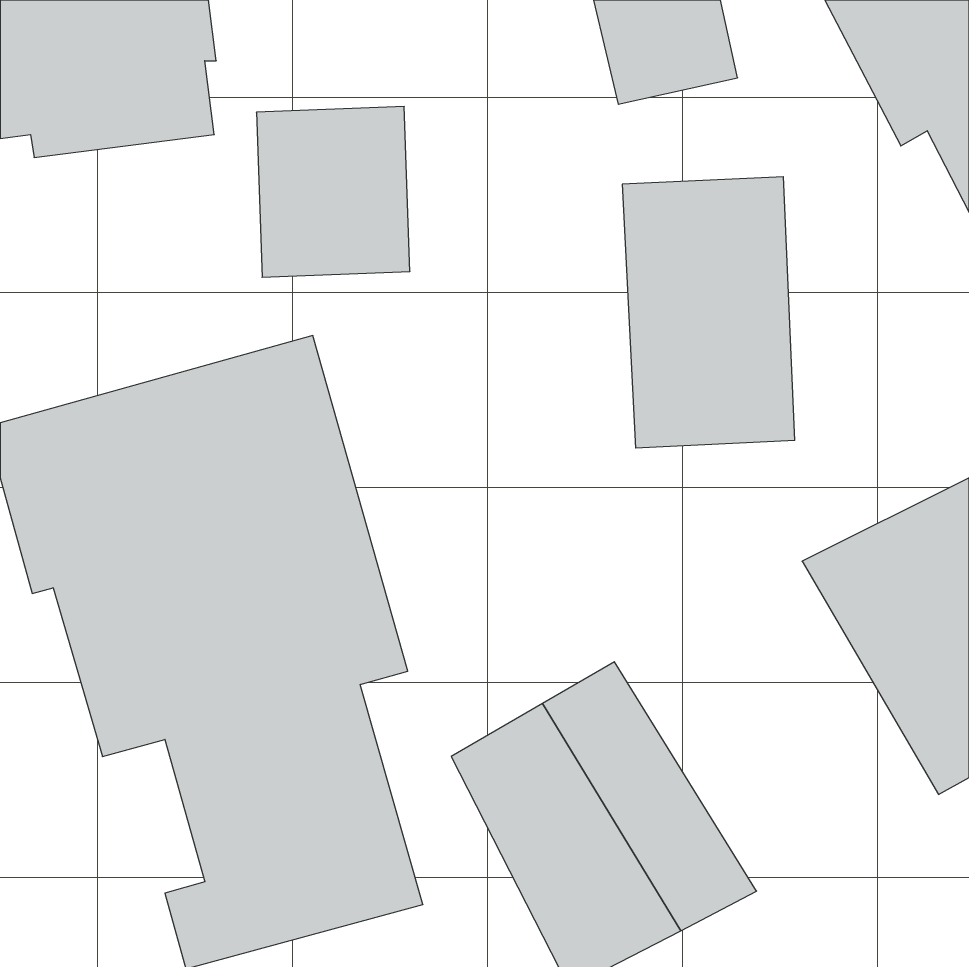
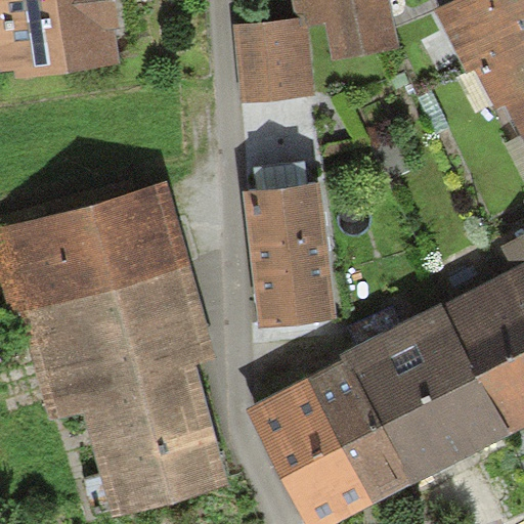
building: [256,107,410,277] -> [235,15,318,107]
building: [622,177,795,448] -> [246,177,339,323]
building: none -> [332,304,507,482]

